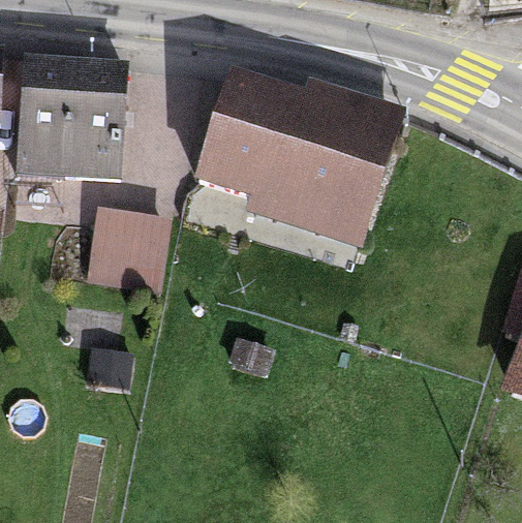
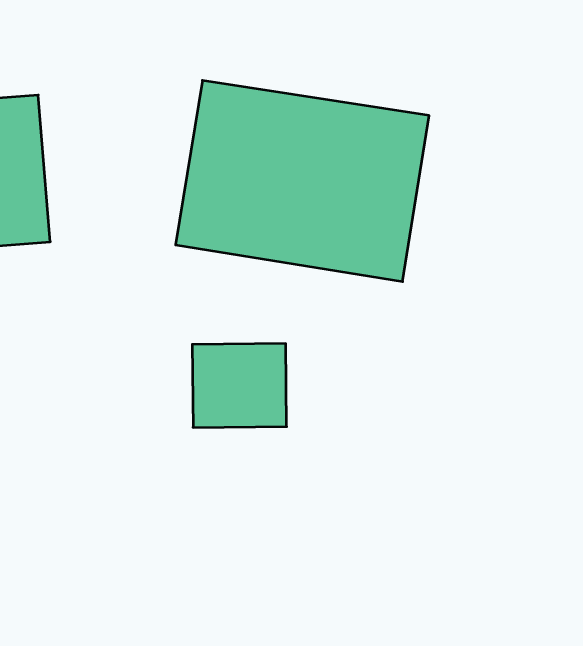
building: [92,213,165,280] -> [192,344,287,427]

